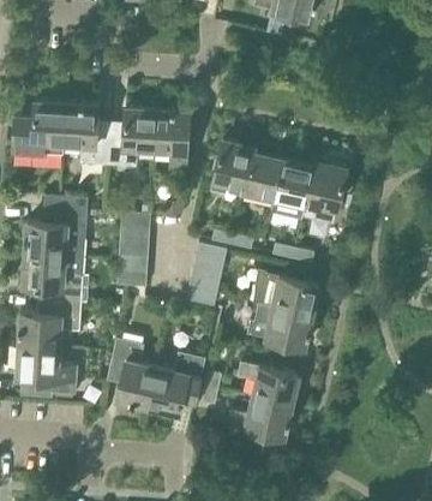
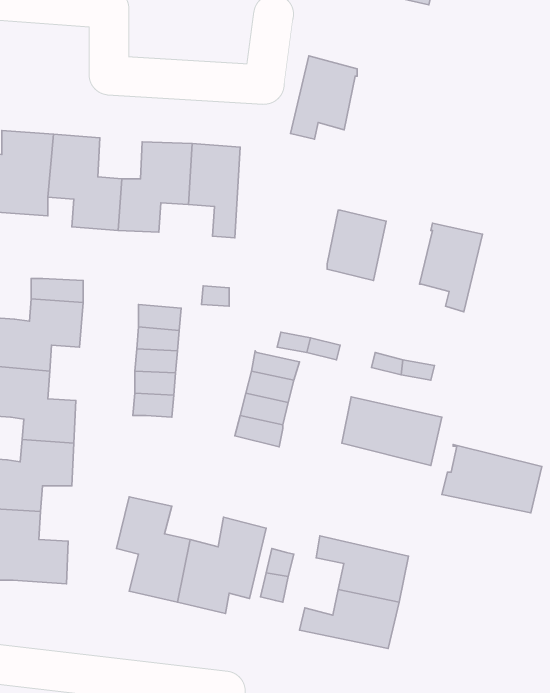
building: [210,141,253,195] -> [290,56,357,139]
building: [275,161,313,207] -> none
building: [247,305,312,350] -> [442,444,542,513]

